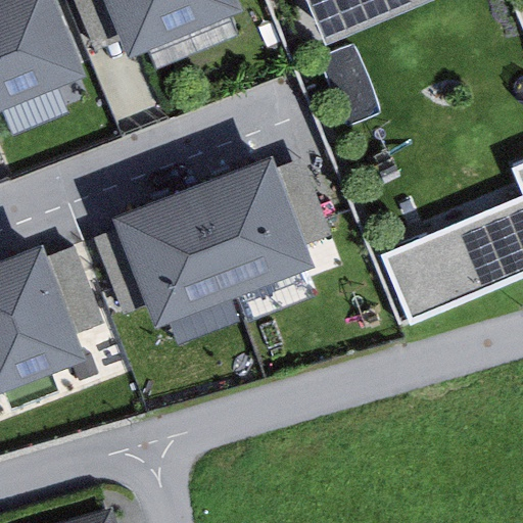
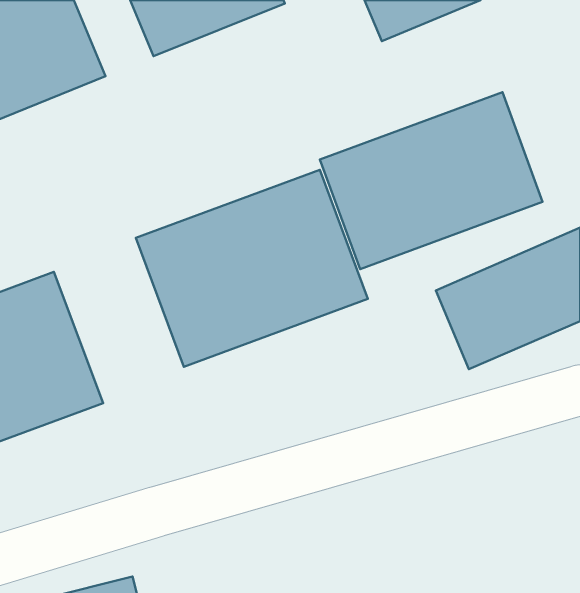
building: none -> [320,92,542,269]

